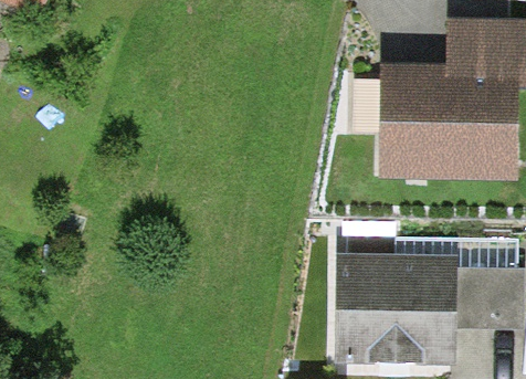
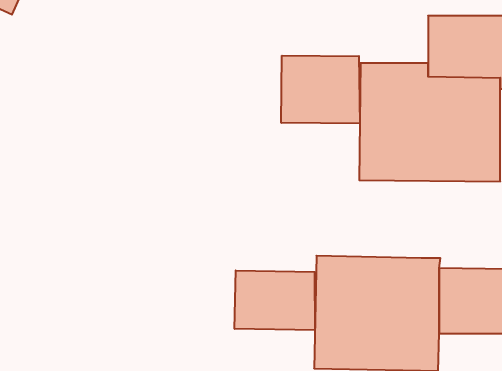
building: none -> [281,56,360,124]
building: none -> [235,270,315,330]

